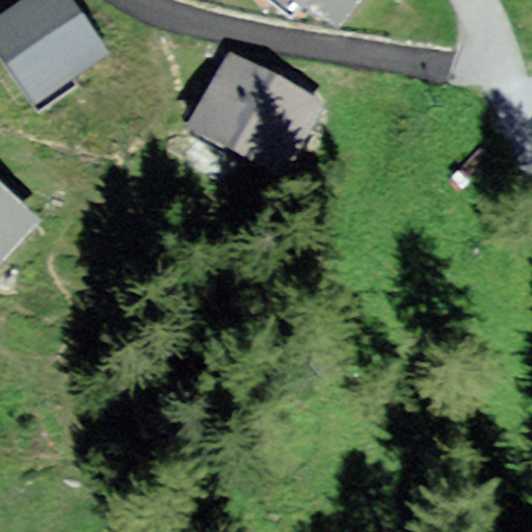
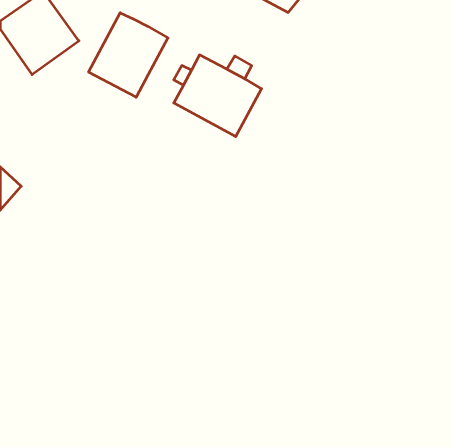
building: none -> [89,13,168,97]

